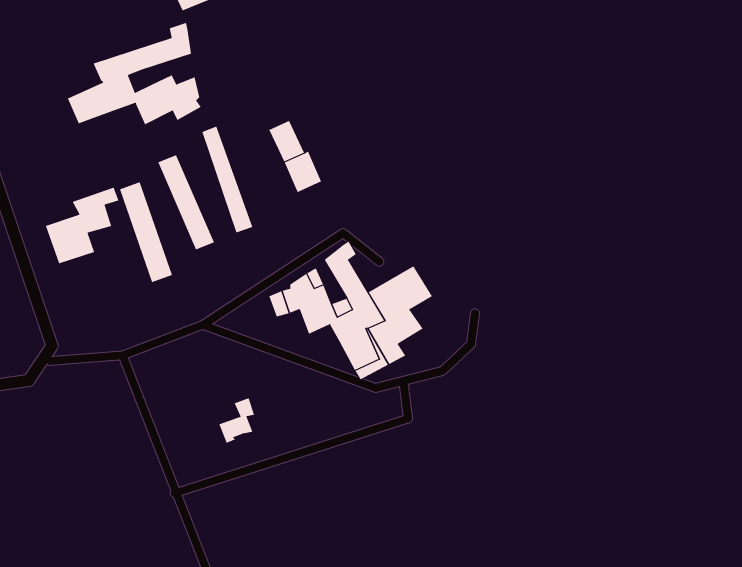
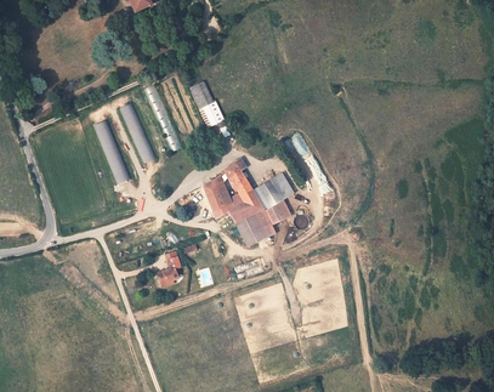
building: [67,22,202,125] -> none
building: [45,187,119,264] -> none

